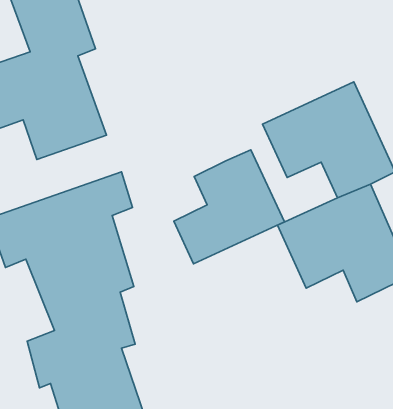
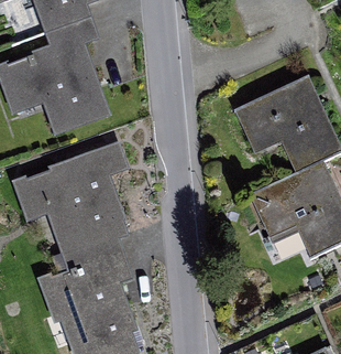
building: [174,150,285,264] -> none

